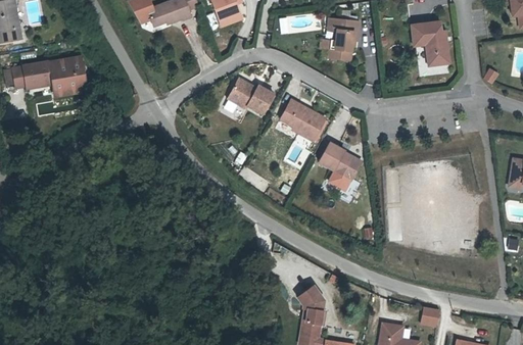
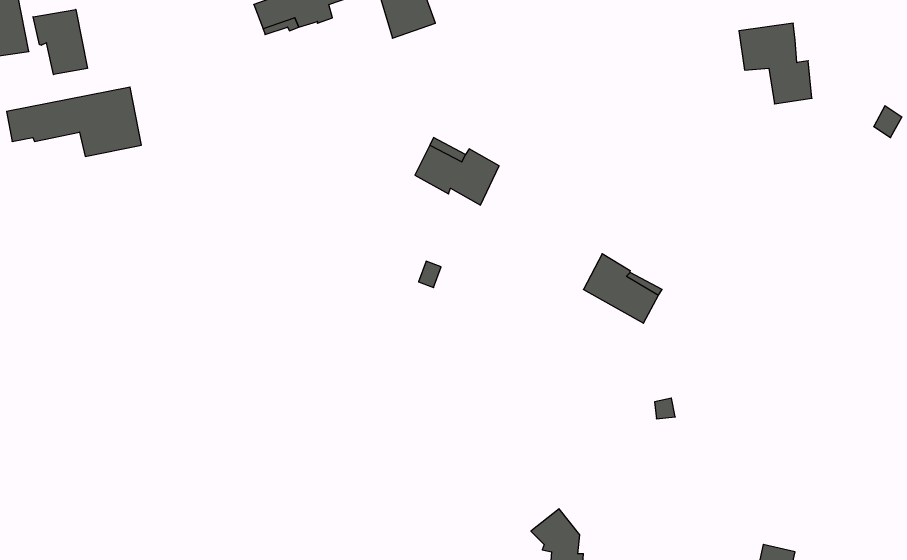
building: none -> [33,9,87,75]
building: [329,17,359,59] -> none
building: [285,103,330,145] -> none

